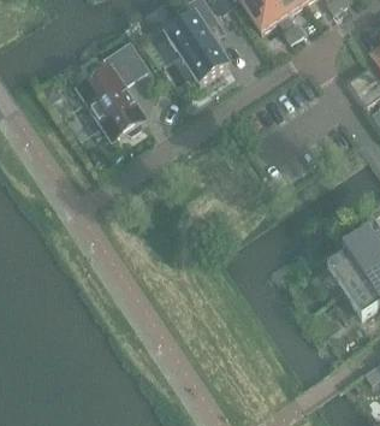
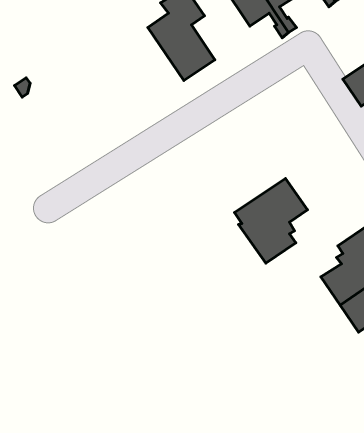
building: [77,47,144,138] -> none
building: none -> [235,178,307,263]

